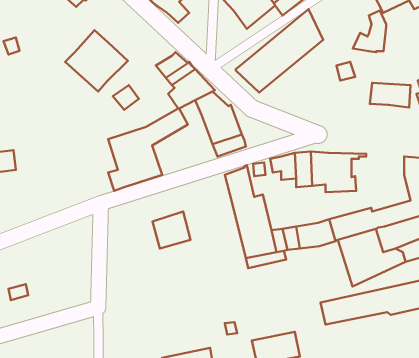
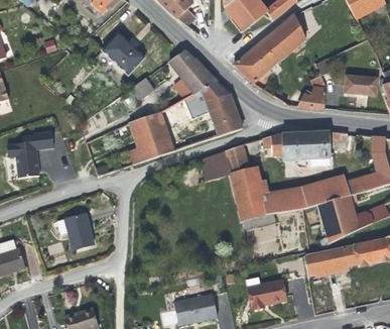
building: [353,11,386,52] -> [298,75,326,109]
building: [152,212,190,248] -> [200,150,231,181]
building: none -> [66,212,94,249]

